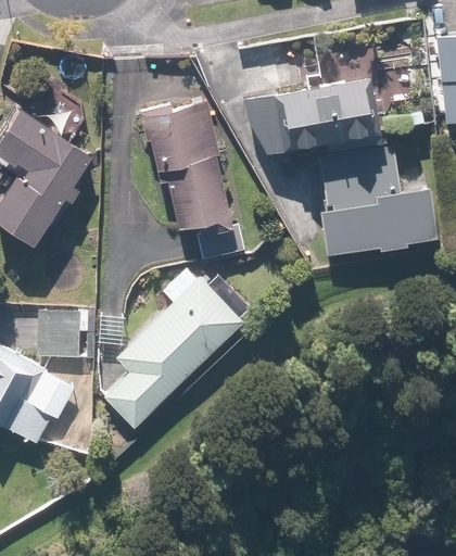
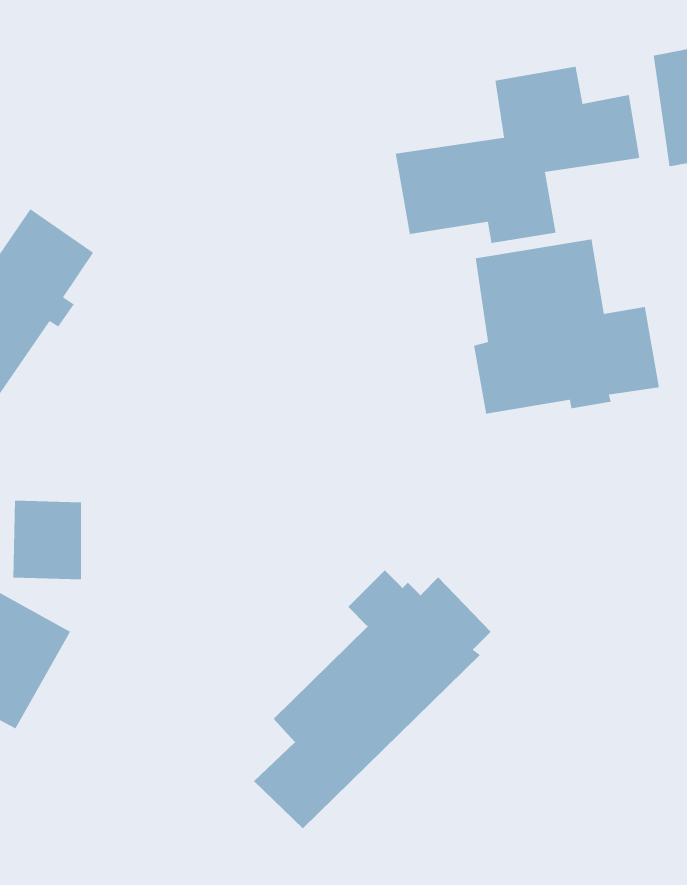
building: [150,102,230,231] -> none
building: [103,269,249,428] -> [253,569,491,829]

